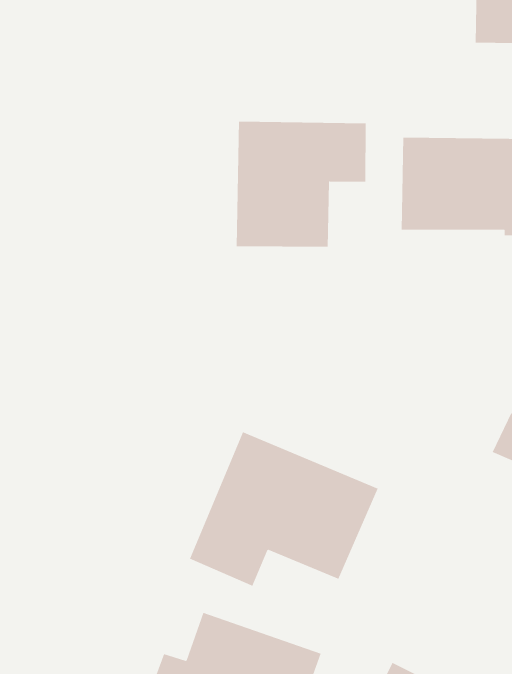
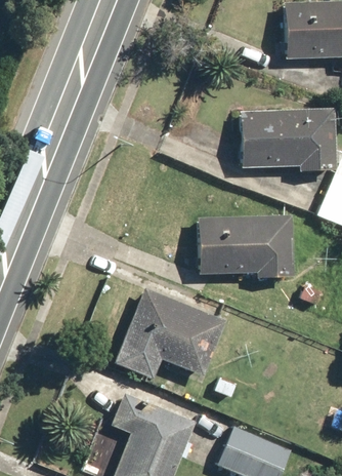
building: [236,121,366,247] -> none
building: none -> [200,215,291,279]

